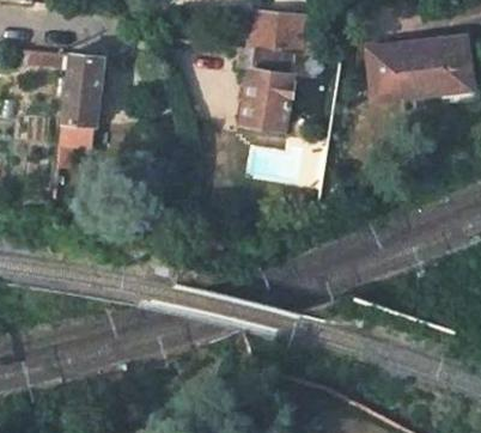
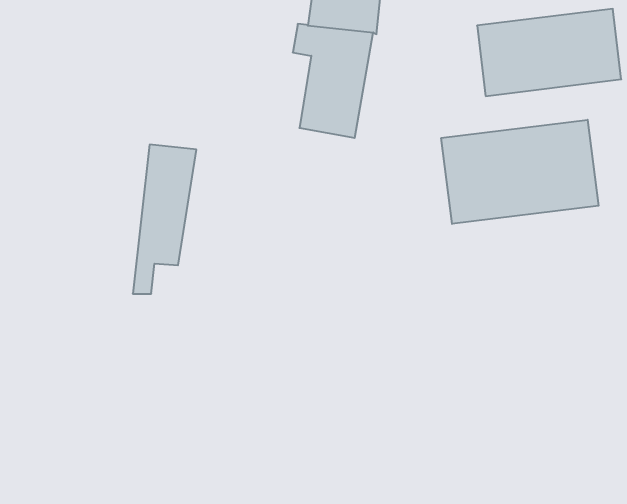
building: [57,56,103,163] -> [133,145,196,294]
building: none -> [441,120,599,224]

